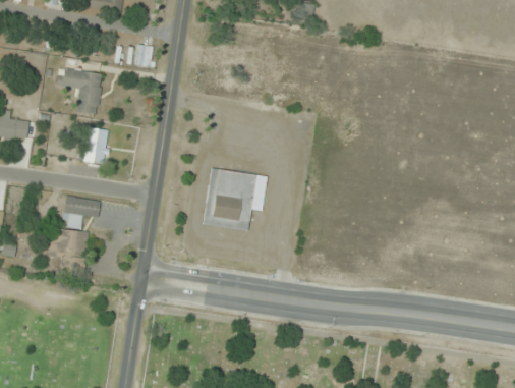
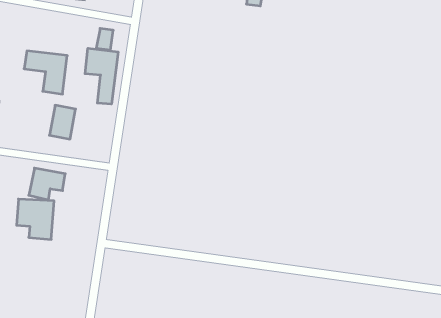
building: none -> [85,48,118,104]
building: [202,167,267,230] -> none

